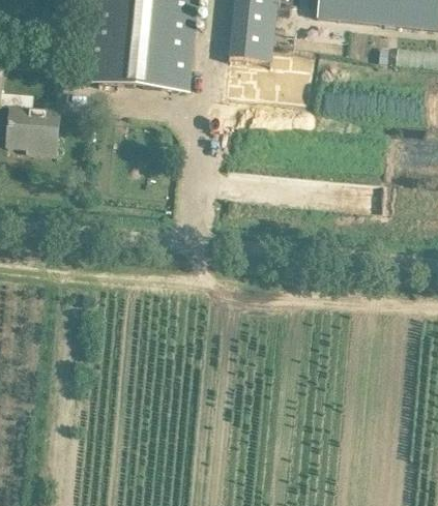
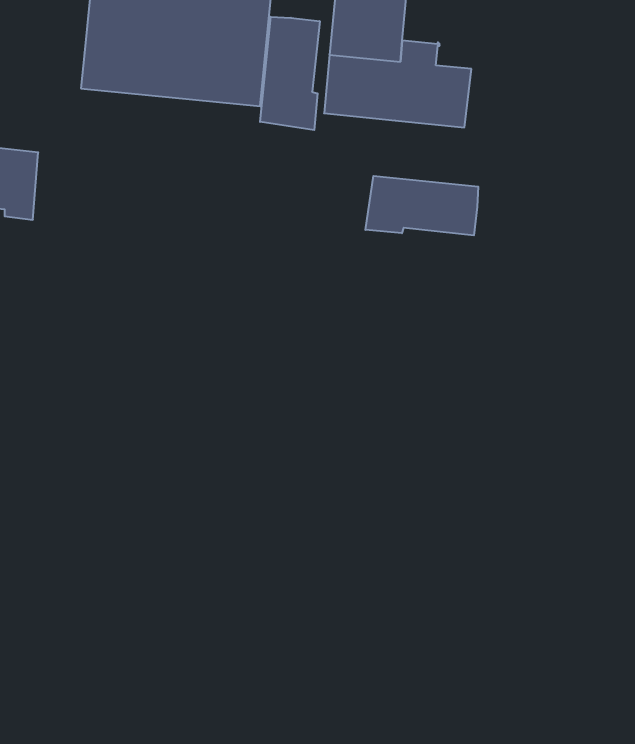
building: none -> [260,17,320,130]
building: none -> [365,176,478,235]

